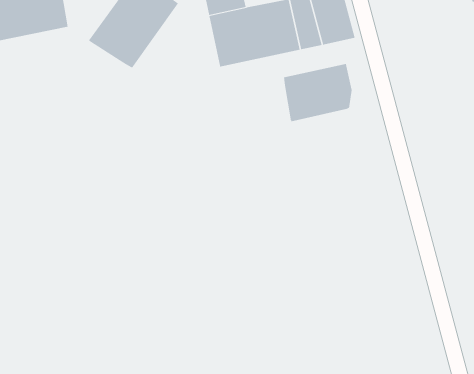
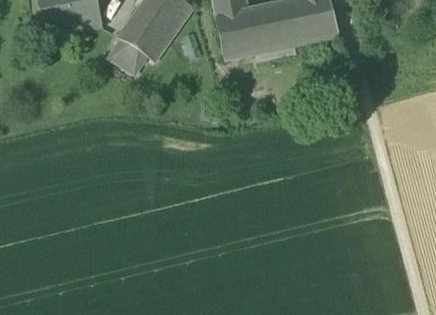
building: none -> [105,37,148,75]
building: [283,63,352,122] -> none

